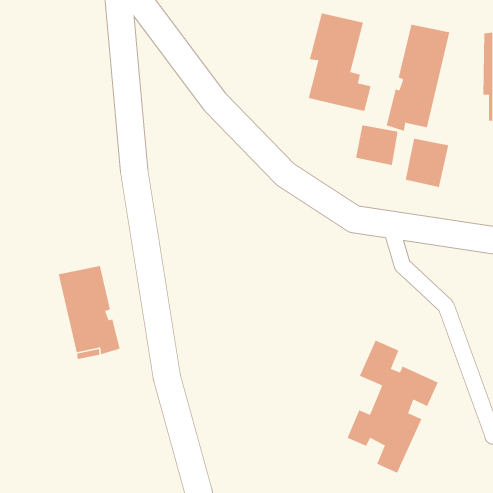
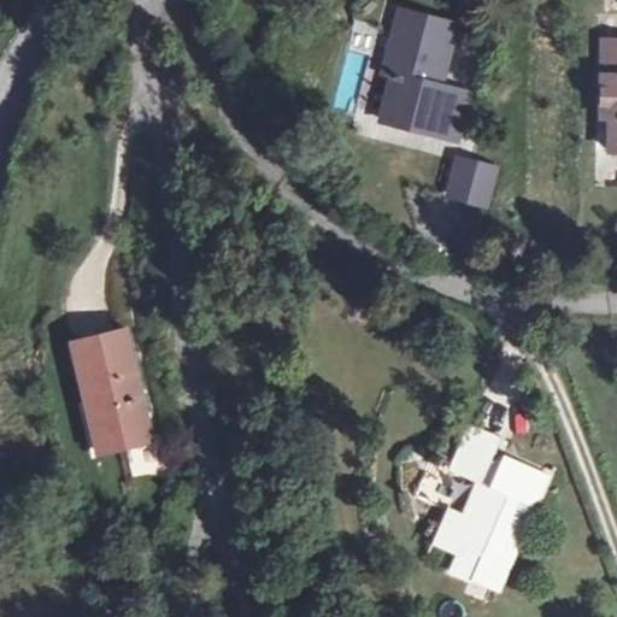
building: [386,24,450,132] -> none
building: [405,138,449,188] -> none

